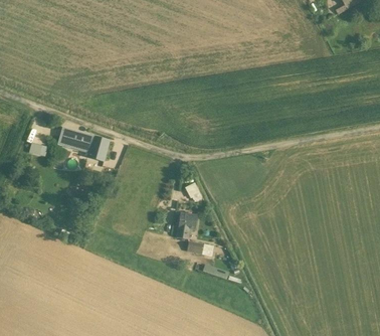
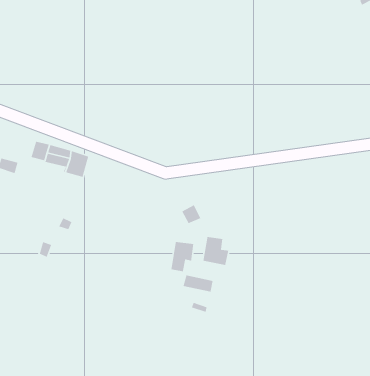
building: none -> [203,236,229,266]

